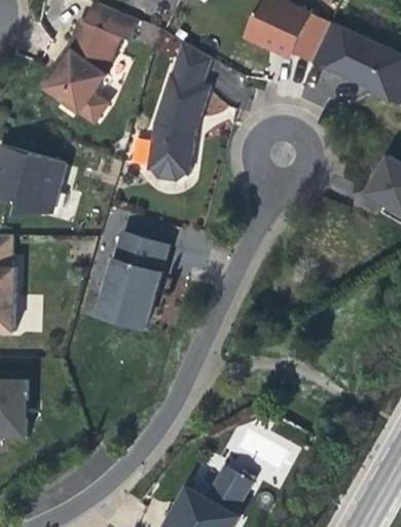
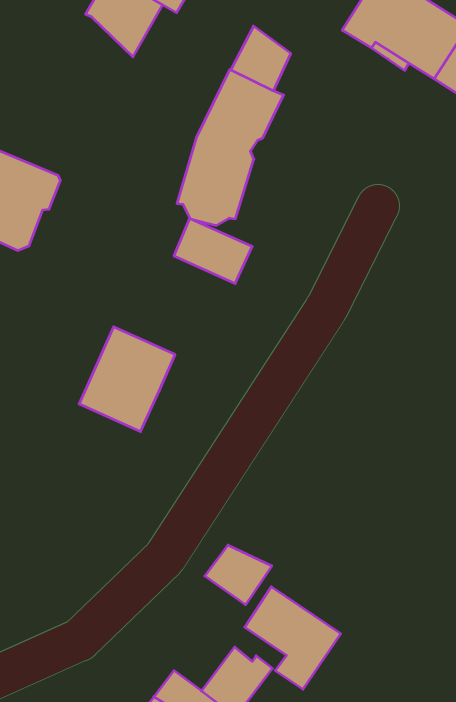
building: [41,50,108,122] -> none
building: [115,233,168,273] -> [174,219,252,284]
building: none -> [205,545,272,605]

